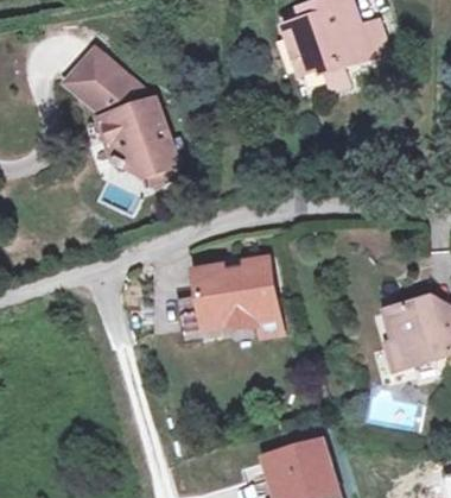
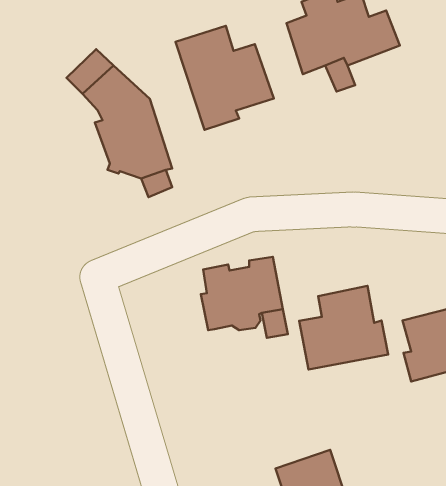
building: none -> [176,26,274,130]
building: none -> [299,286,388,370]

